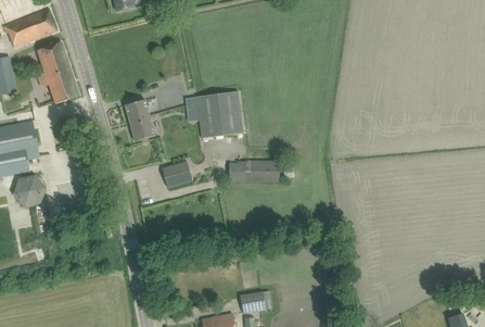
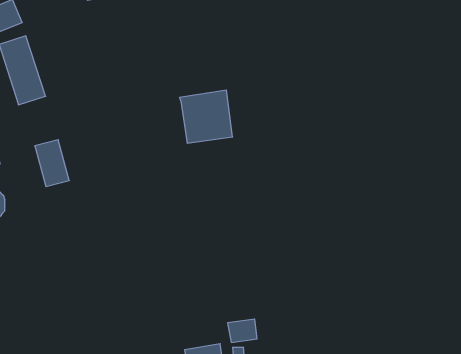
building: [124,100,154,141] -> [35,140,69,187]
building: [229,160,279,179] -> none
building: [162,161,191,186] -> none

